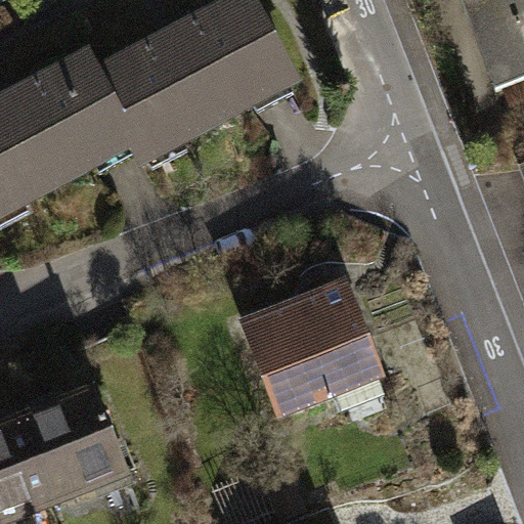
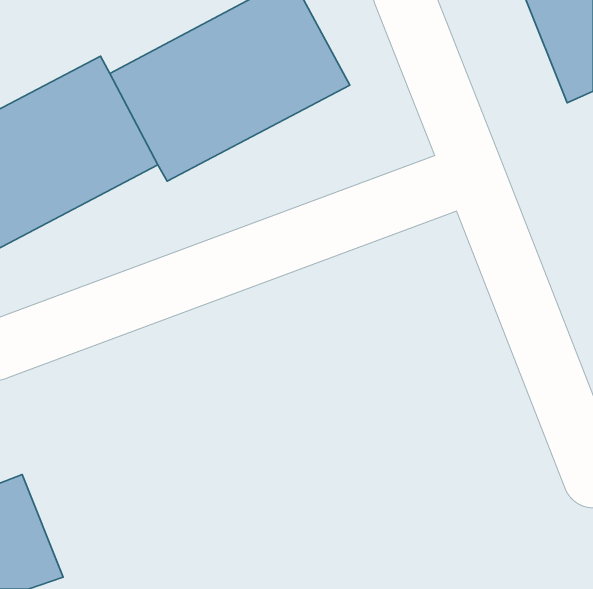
building: [245,296,378,411] -> none
building: [19,387,129,506] -> none

